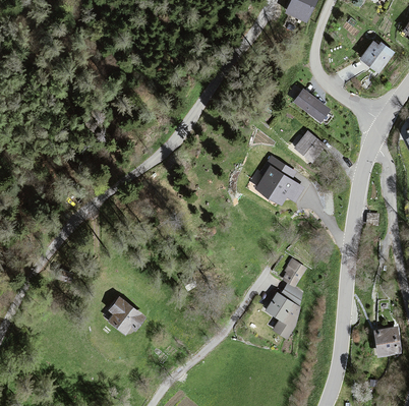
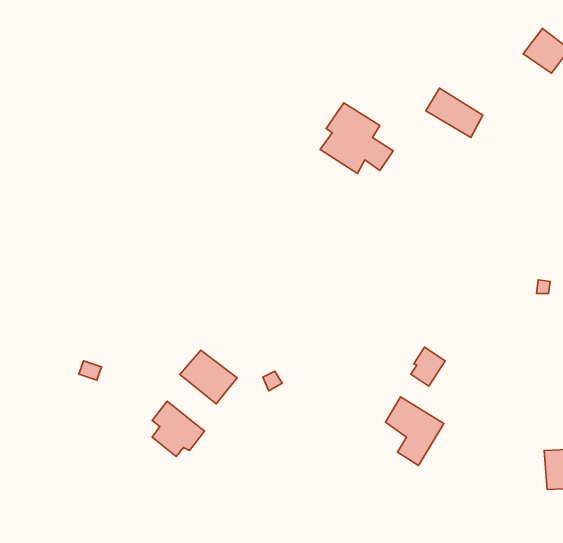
building: [294,132,325,163] -> none
building: [254,156,304,204] -> [320,103,393,173]
building: none -> [180,350,237,404]

